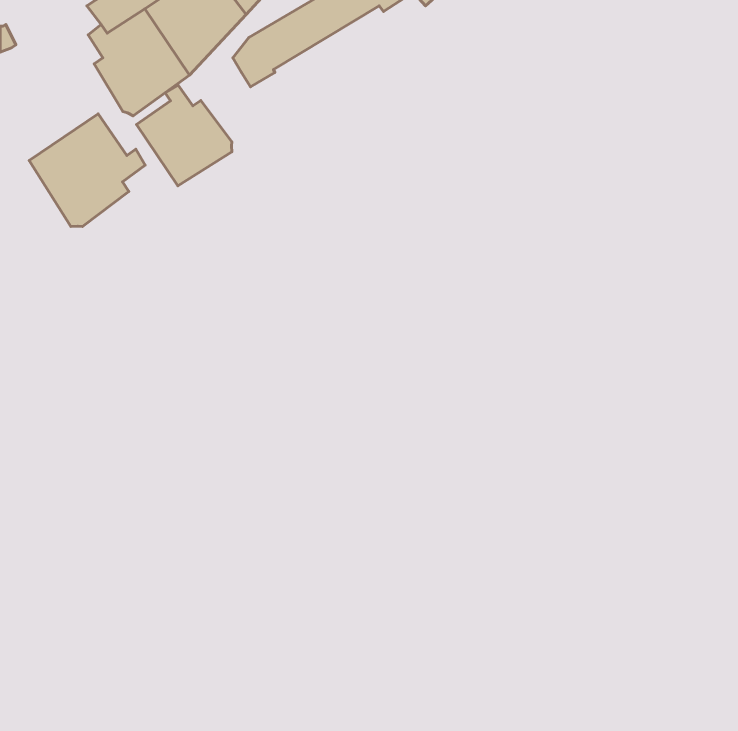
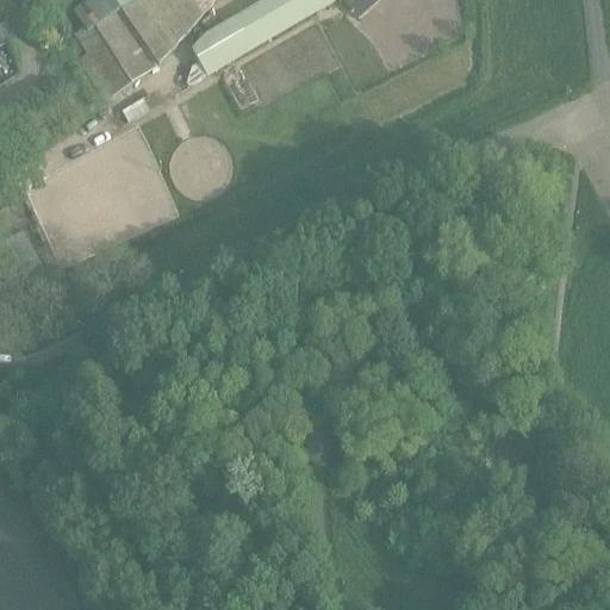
building: [137,85,232,186] -> none
building: [29,114,145,227] -> none

